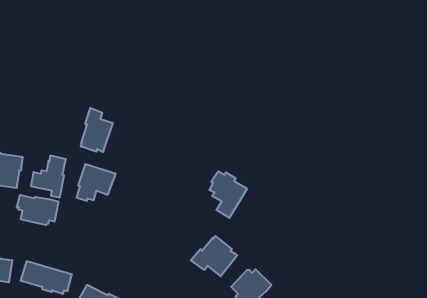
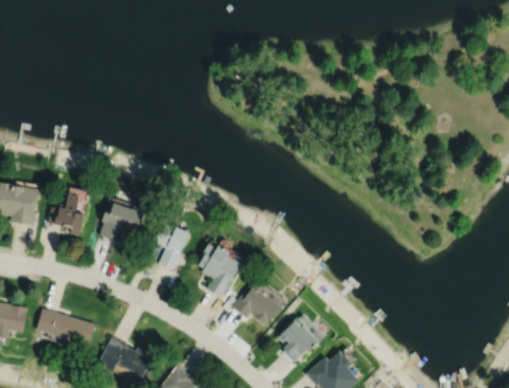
building: [81,108,113,152] -> none
building: [209,171,247,218] -> [198,244,241,297]
building: none -> [147,222,189,269]
building: [17,195,58,225] -> none

